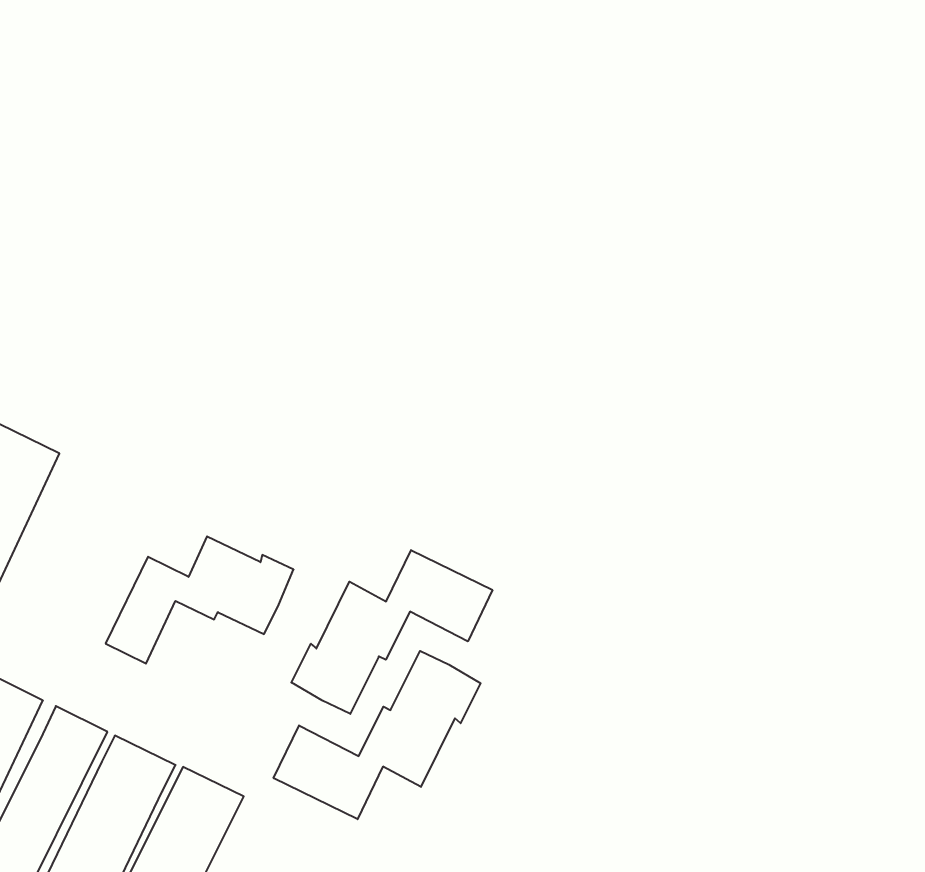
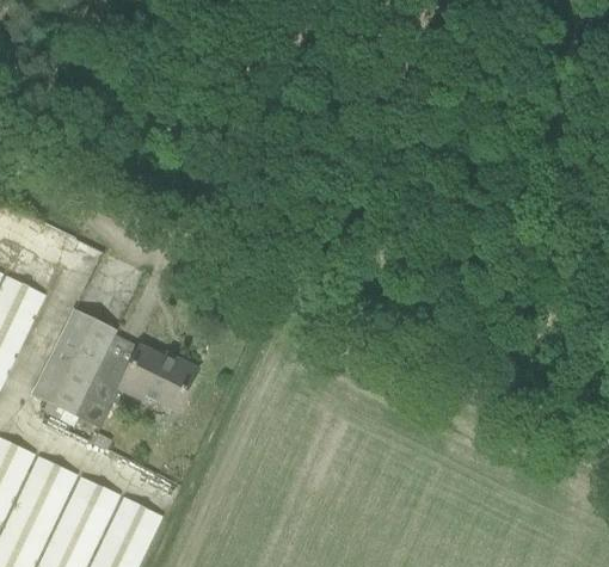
building: none -> [30,309,115,417]
building: [291,550,492,714] -> none
building: [274,651,481,819] -> none

